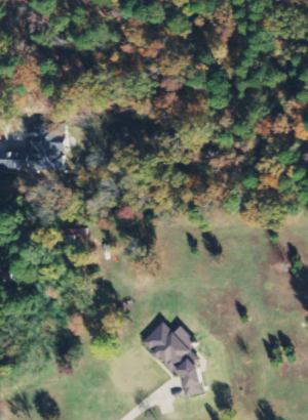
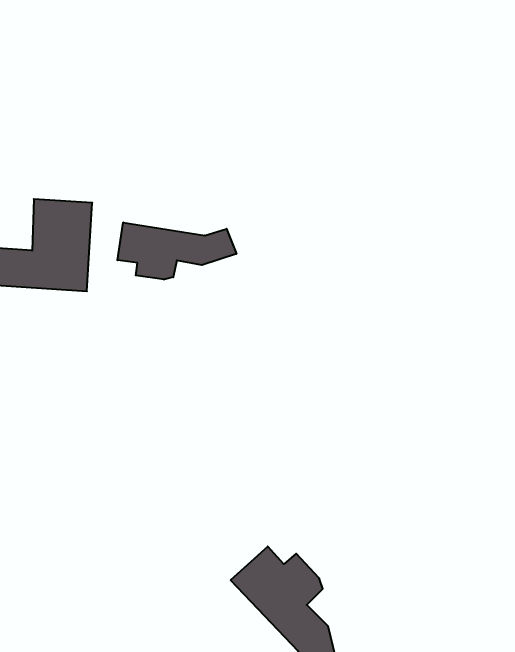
building: none -> [117,222,236,280]

